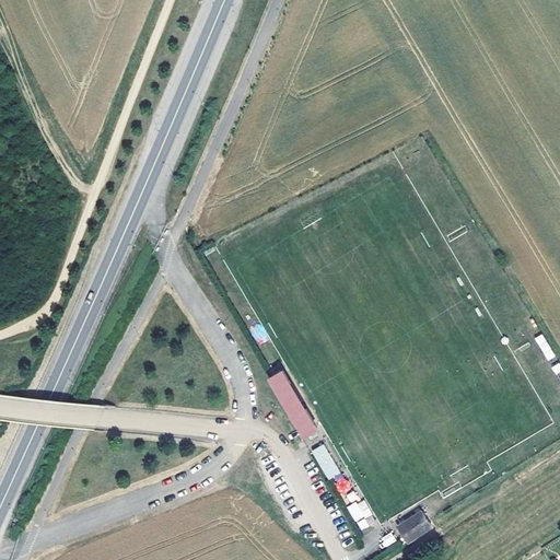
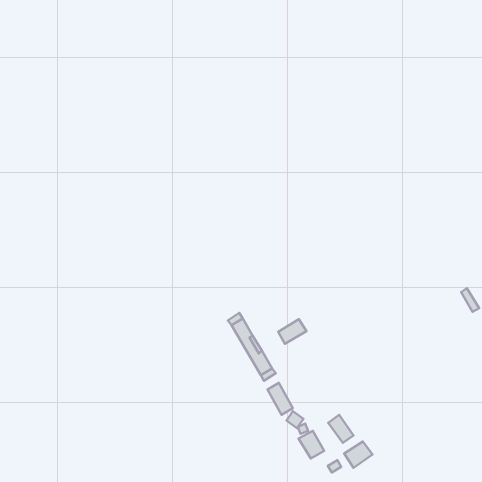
building: none -> [278,319,306,344]
building: none -> [328,415,354,443]

